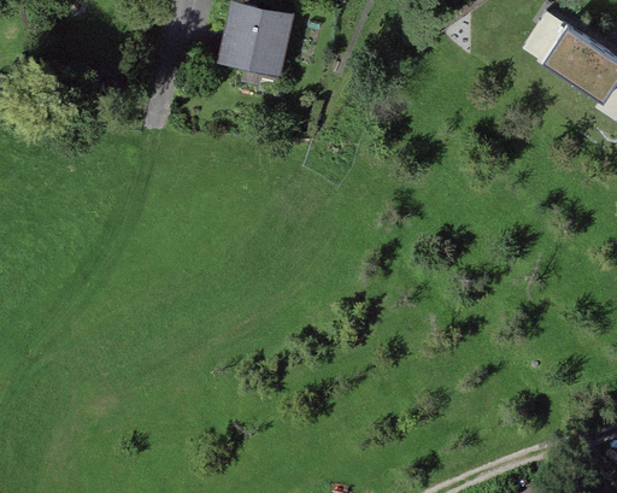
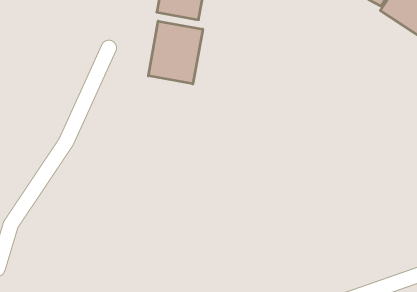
building: none -> [148,21,203,84]

